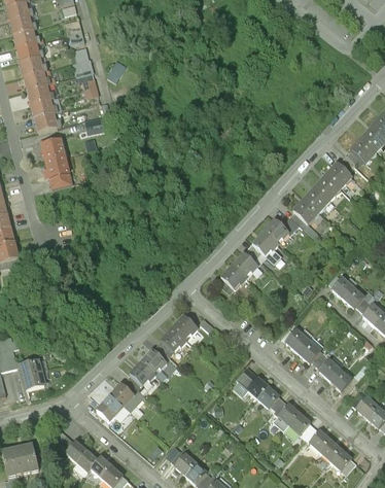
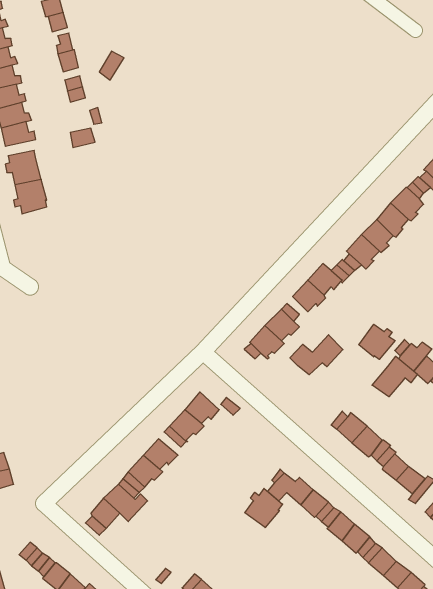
building: none -> [359,324,395,359]
building: none -> [290,335,343,375]
building: none -> [372,356,417,397]
building: none -> [245,488,283,528]

